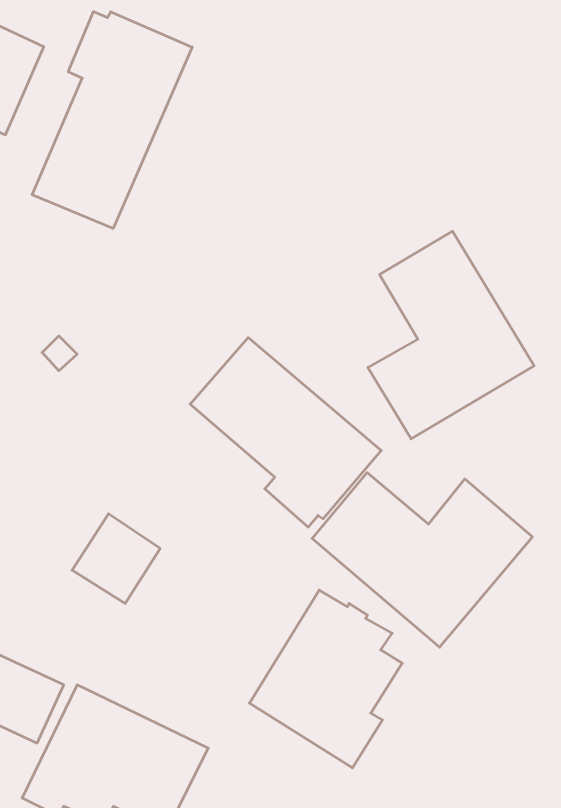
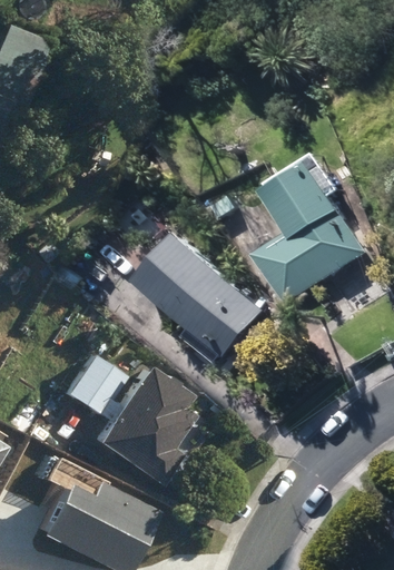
building: [32,12,192,228] -> none
building: [312,473,532,647] -> none
building: [249,590,402,768] -> [85,363,187,482]

